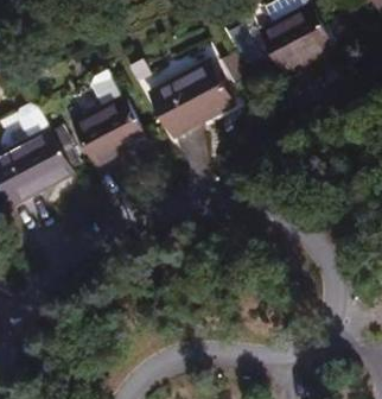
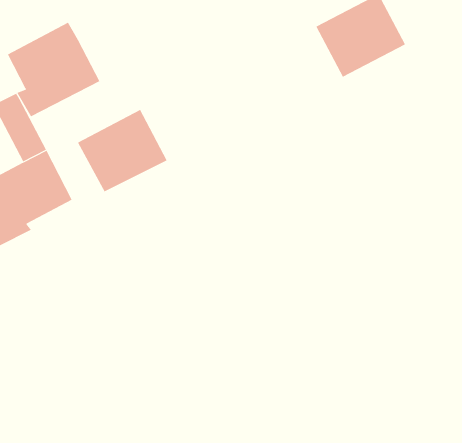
building: none -> [7,22,100,117]
building: [149,61,230,137] -> none

